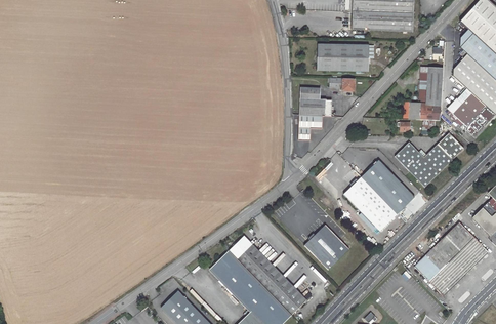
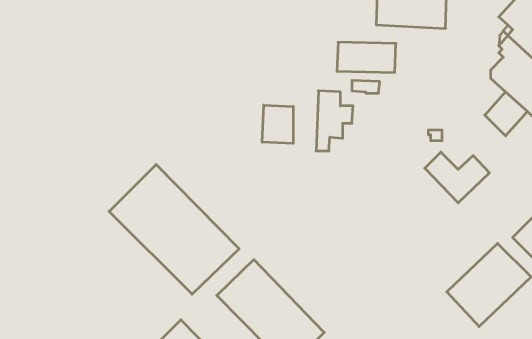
building: [404,66,443,119] -> none
building: none -> [262,105,293,143]
building: none -> [109,164,239,294]
building: [343,159,414,230] -> none
building: [304,224,348,268] -> none

